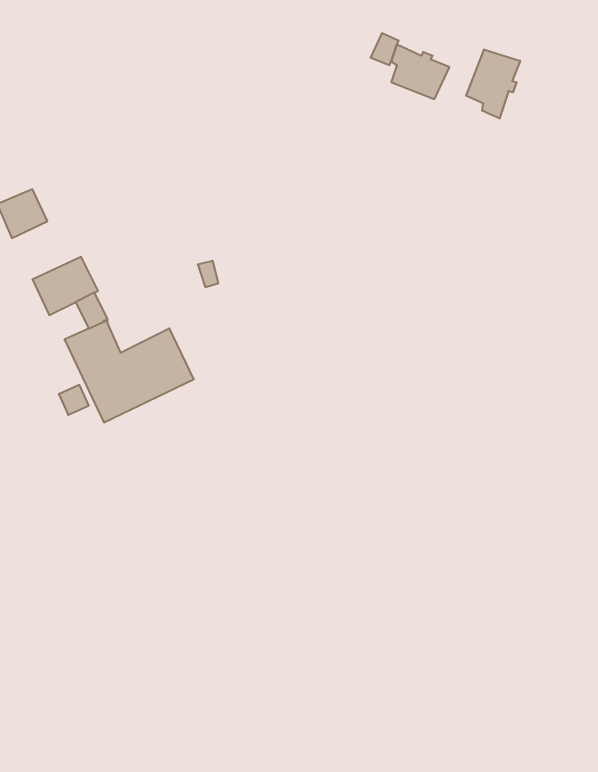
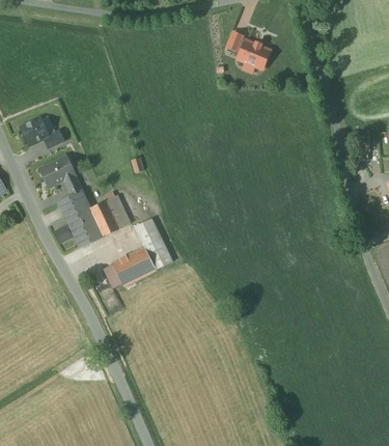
building: [466,49,520,119] -> none
building: none -> [112,218,172,284]

